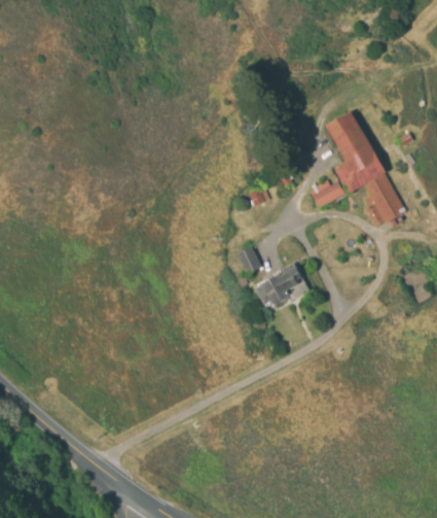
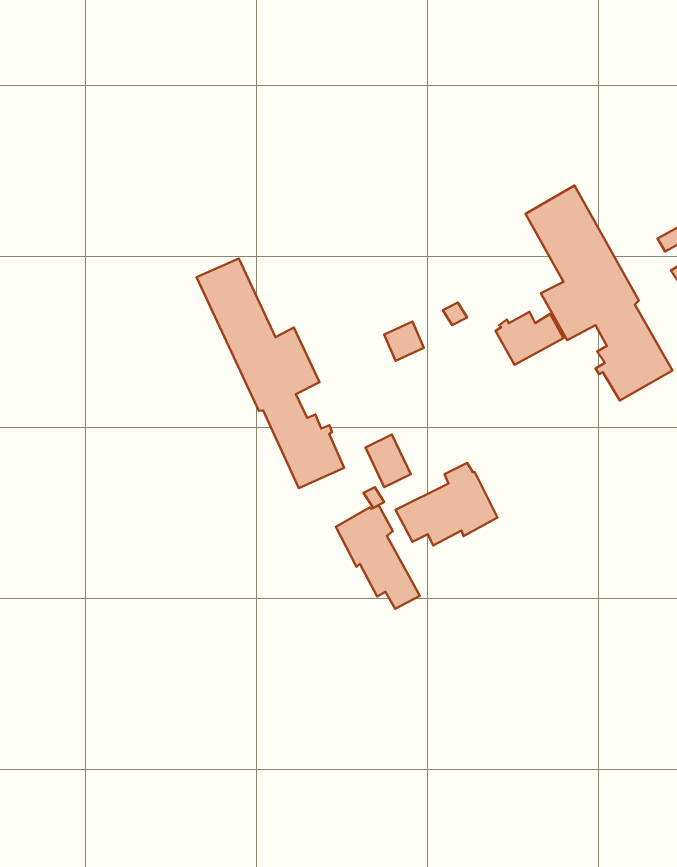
building: none -> [196,258,344,488]
building: none -> [336,505,420,609]

